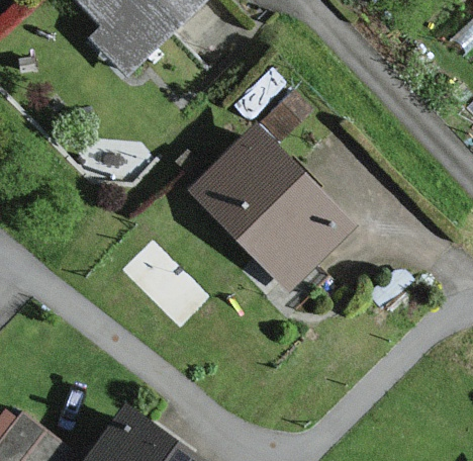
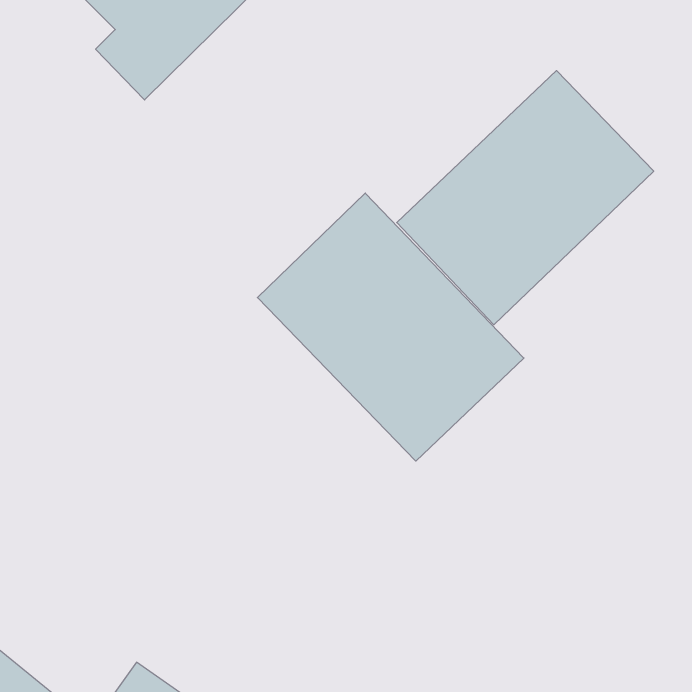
building: none -> [397,71,654,325]

